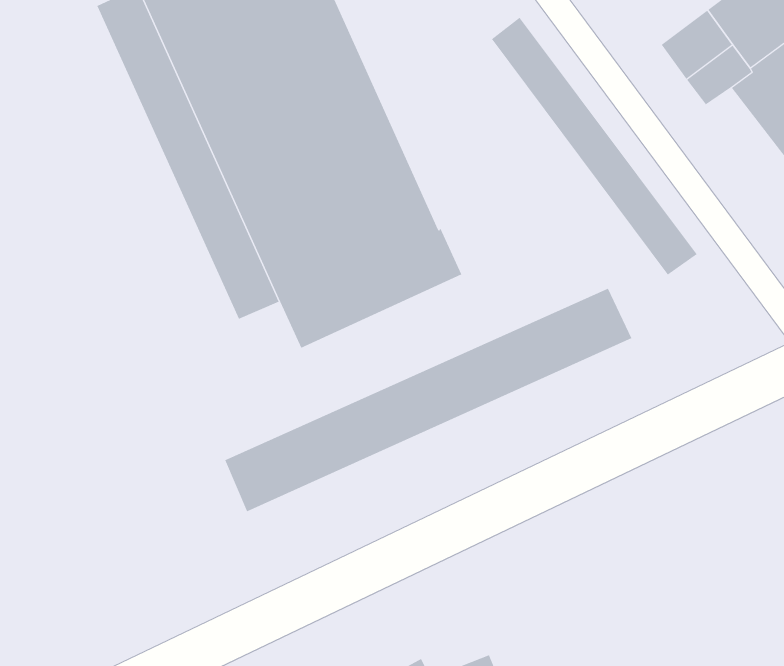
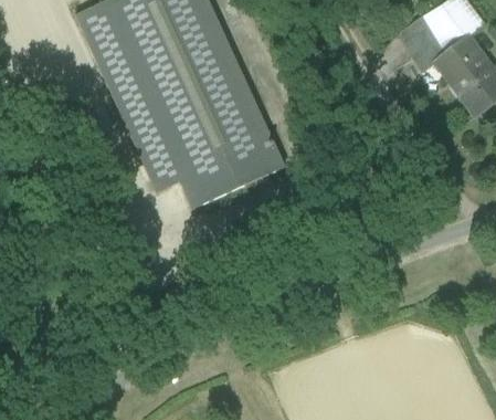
building: [491,17,698,276] -> none
building: [225,288,632,512] -> none

